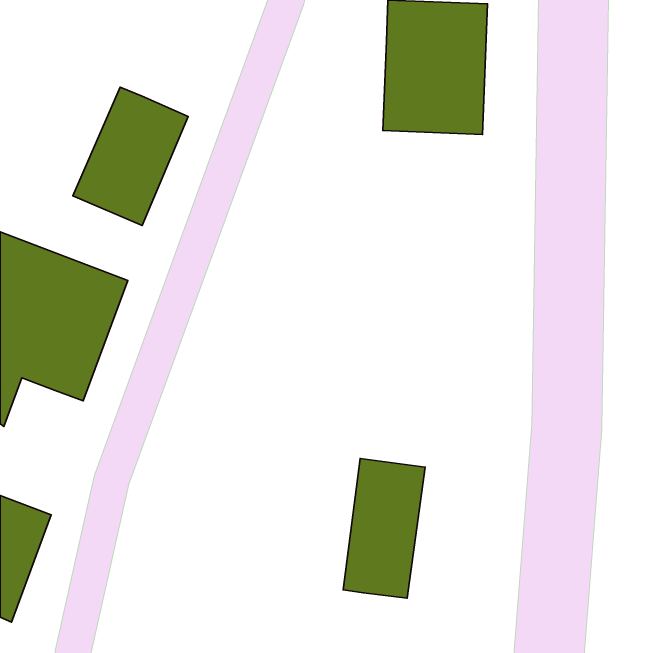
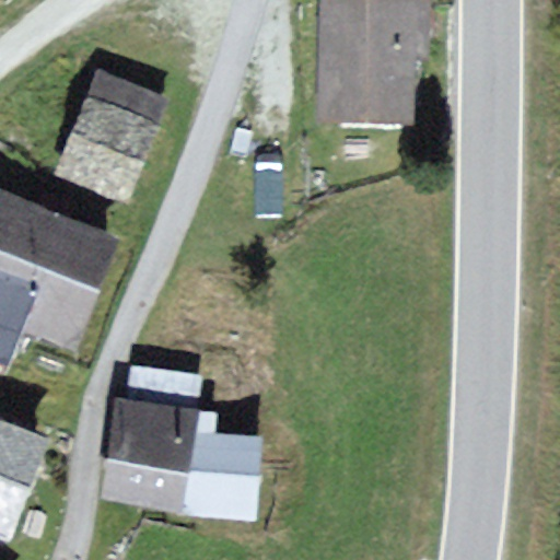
building: none -> [107,369,259,514]
building: [343,458,425,598] -> none

